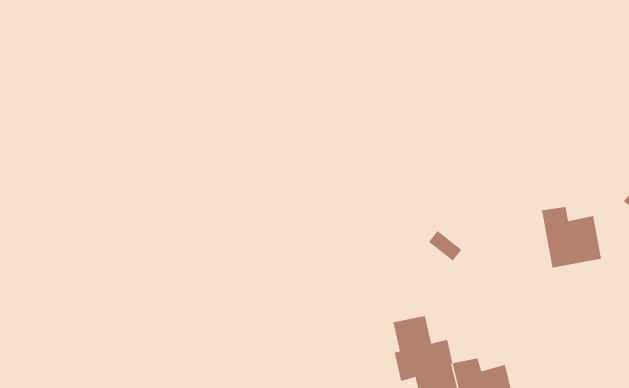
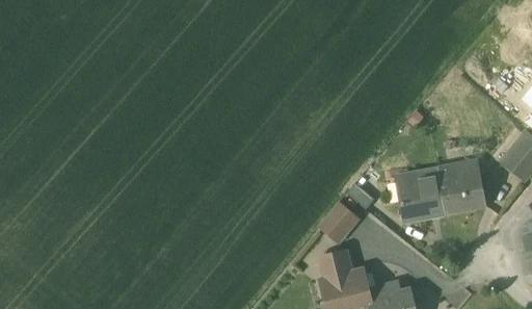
building: none -> [401,168,446,220]
building: none -> [319,202,357,240]

